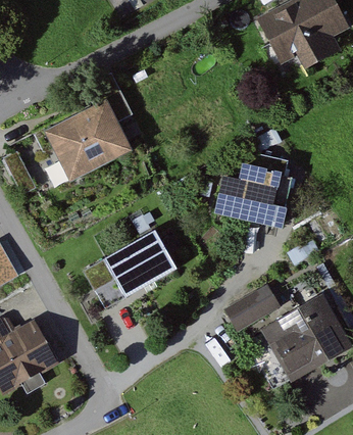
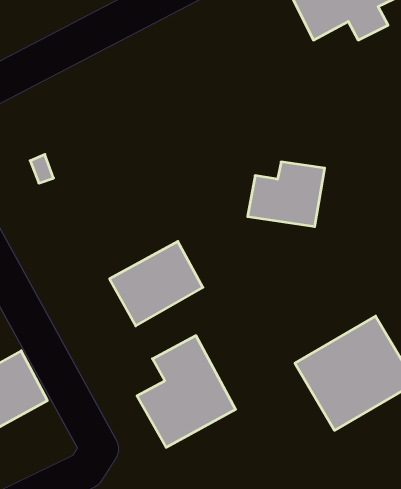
building: [52,102,138,183] -> none
building: [221,288,267,329] -> none
building: none -> [137,336,236,447]

